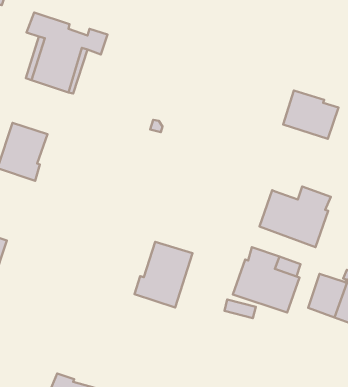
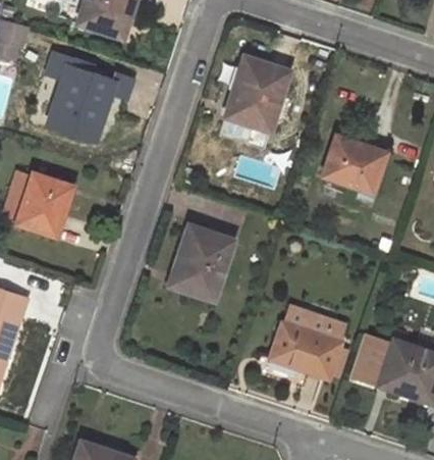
building: none -> [218,57,287,148]
building: [260,186,331,247] -> none
building: [134,242,192,307] -> [169,227,231,298]

